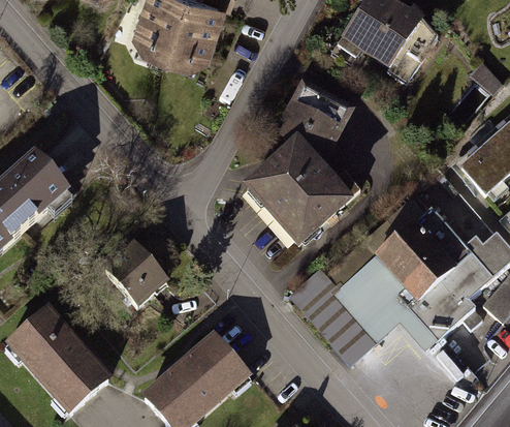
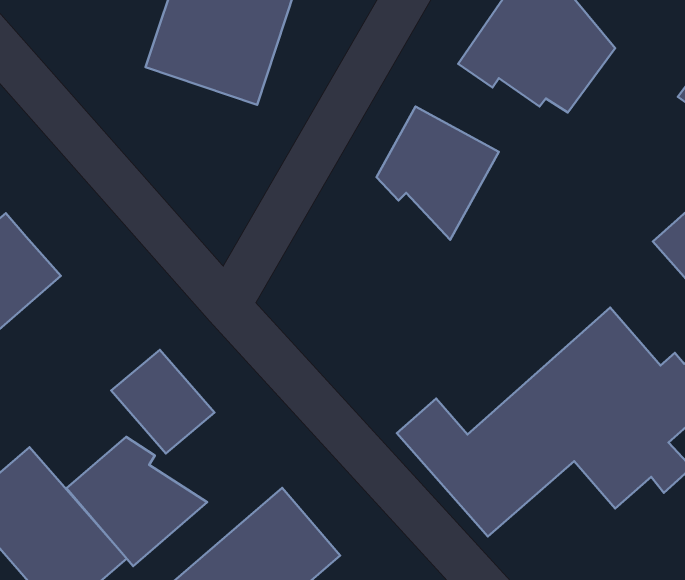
building: [244,134,356,247] -> none
building: none -> [67,437,207,566]

